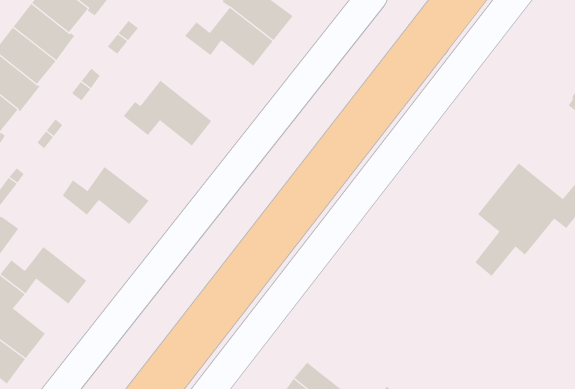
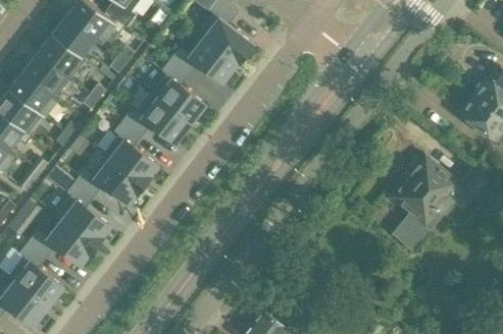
building: none -> [150,60,204,125]
building: none -> [102,121,157,186]
building: none -> [54,182,109,247]

